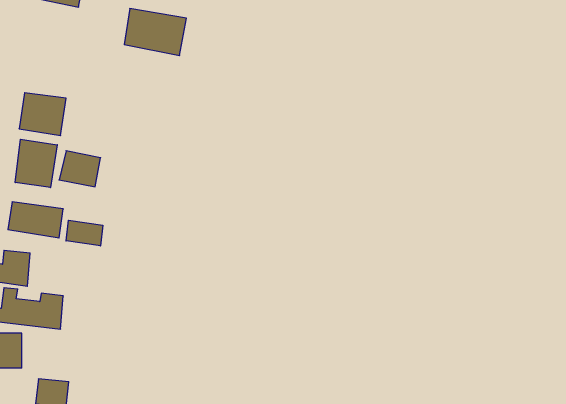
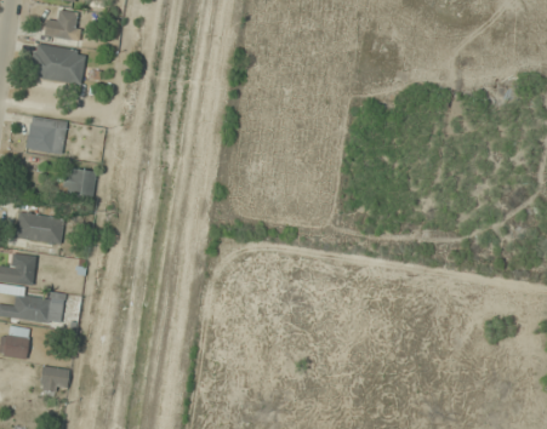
building: [124,9,186,56] -> [32,44,86,85]
building: [15,139,57,188] -> none
building: [66,220,103,246] -> none

